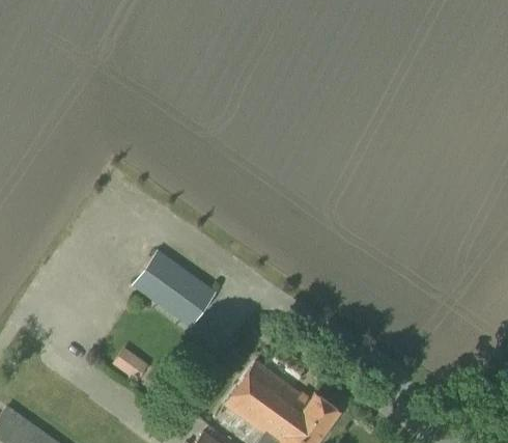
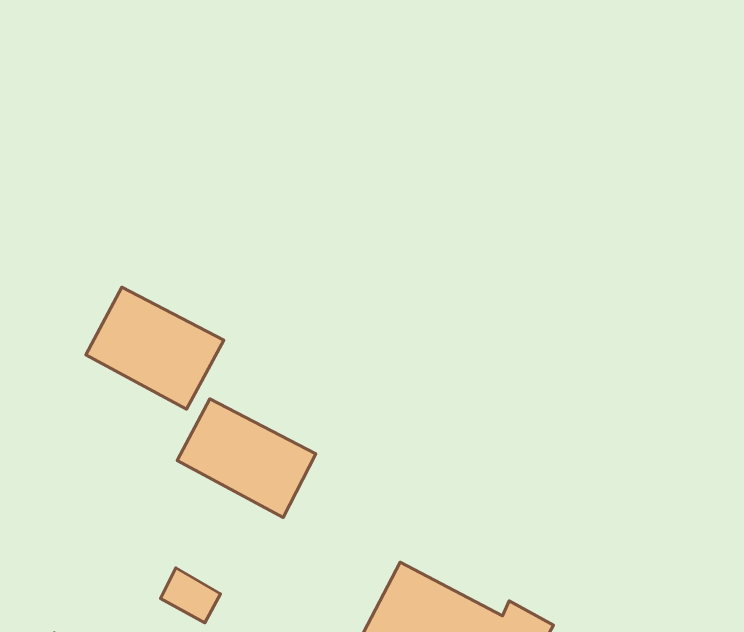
building: none -> [86,287,224,409]

